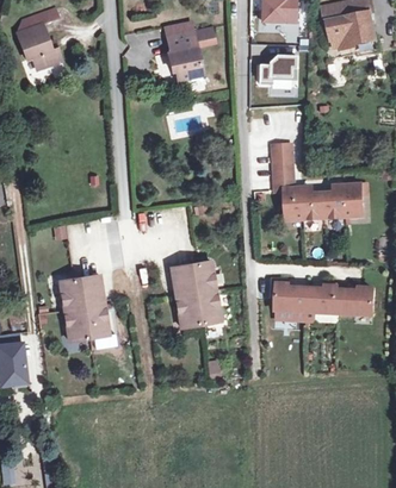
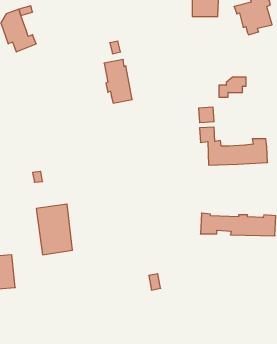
building: [169,24,206,81] -> [104,60,132,103]
building: [260,57,296,83] -> [219,77,246,97]
building: [172,261,219,326] -> none

